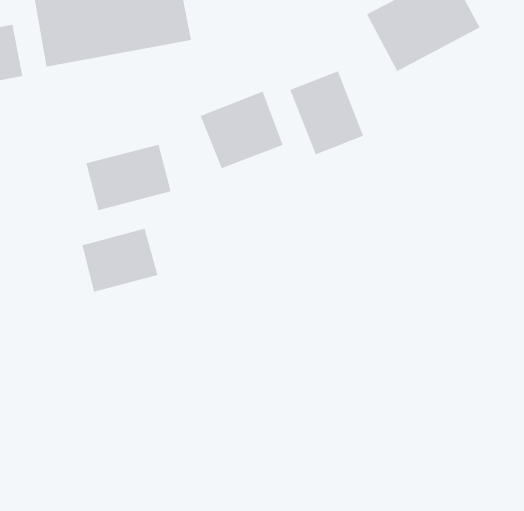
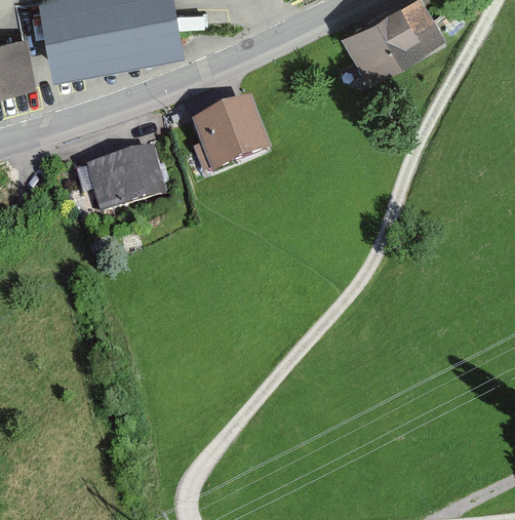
building: [290,71,364,155] -> none
building: [82,228,158,292] -> none

